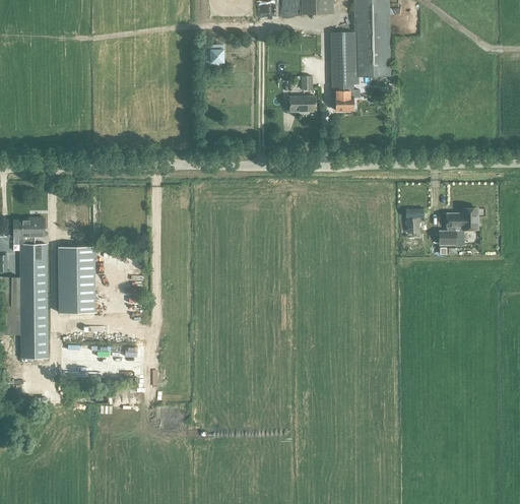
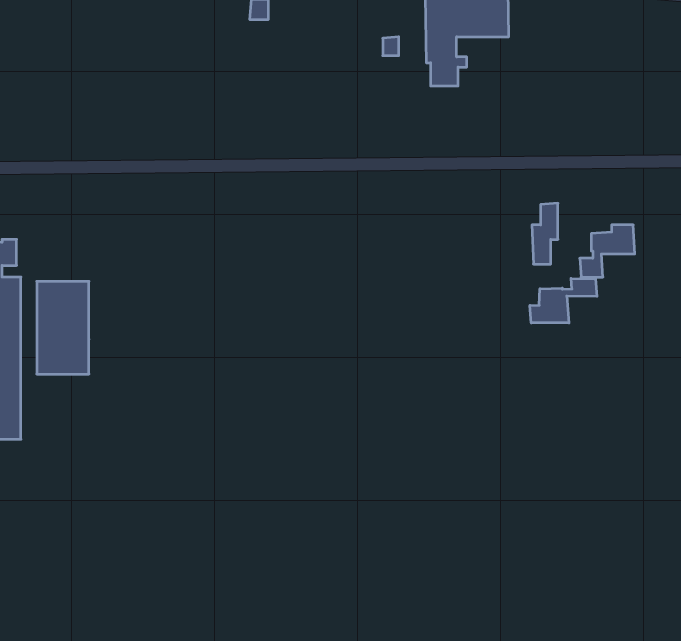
building: [290,96,316,111] -> none
building: none -> [530,278,597,323]

